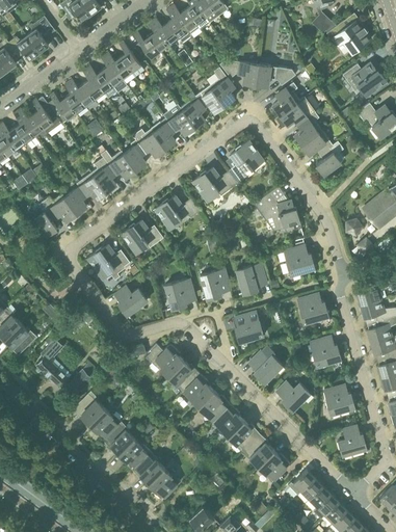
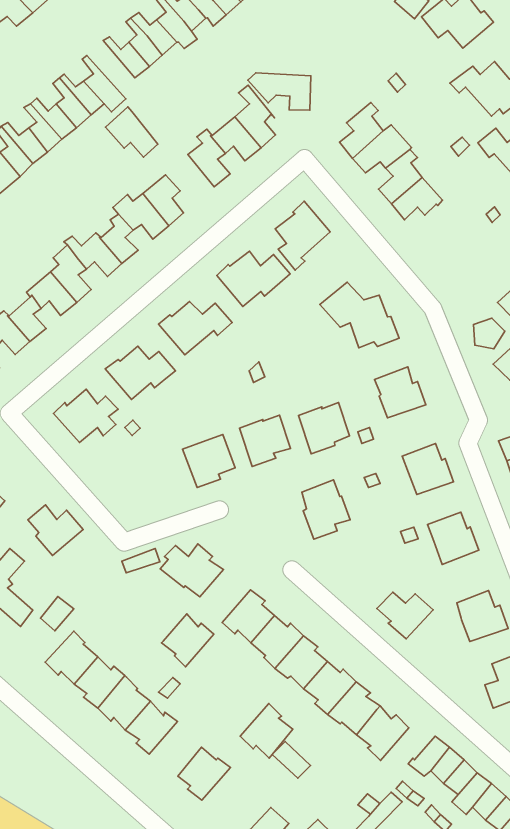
building: [256,64,295,87] -> none
building: [163,104,194,135] -> [105,107,158,157]
building: [316,141,344,176] -> none
building: [113,285,147,316] -> [28,505,83,556]
building: [248,345,282,383] -> none
building: [167,361,200,393] -> [162,614,214,667]
building: [131,451,163,484] -> [240,703,293,758]

